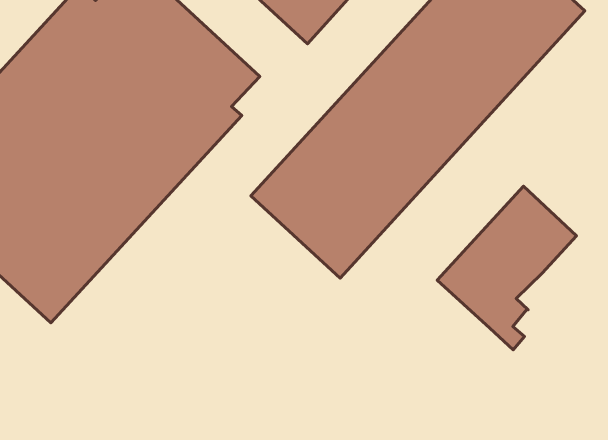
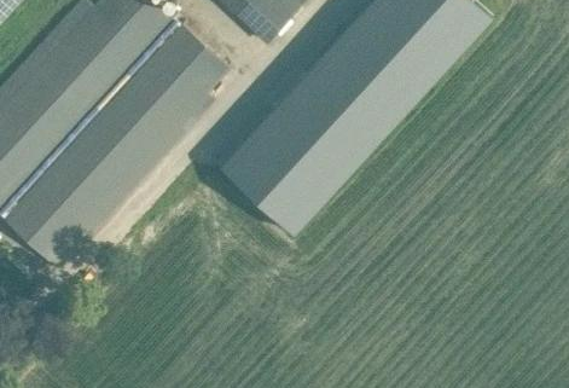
building: [437,186,577,350] -> none

